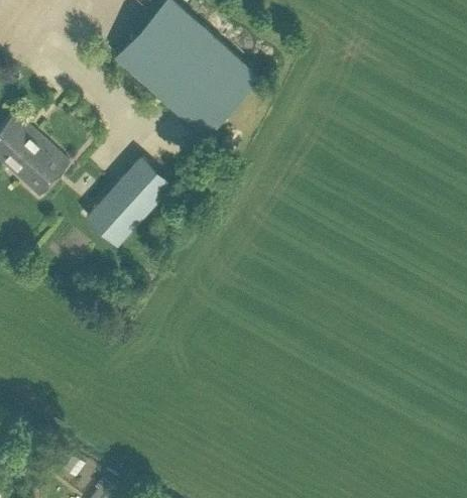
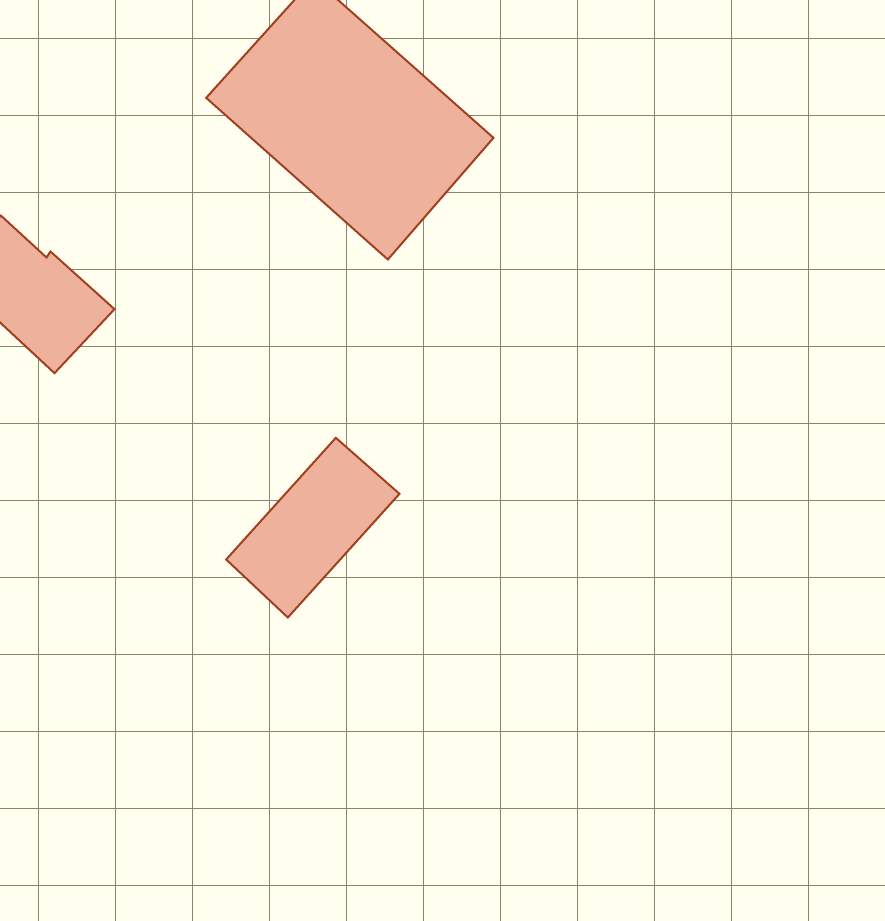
building: [86,156,173,247] -> [226,438,400,617]

